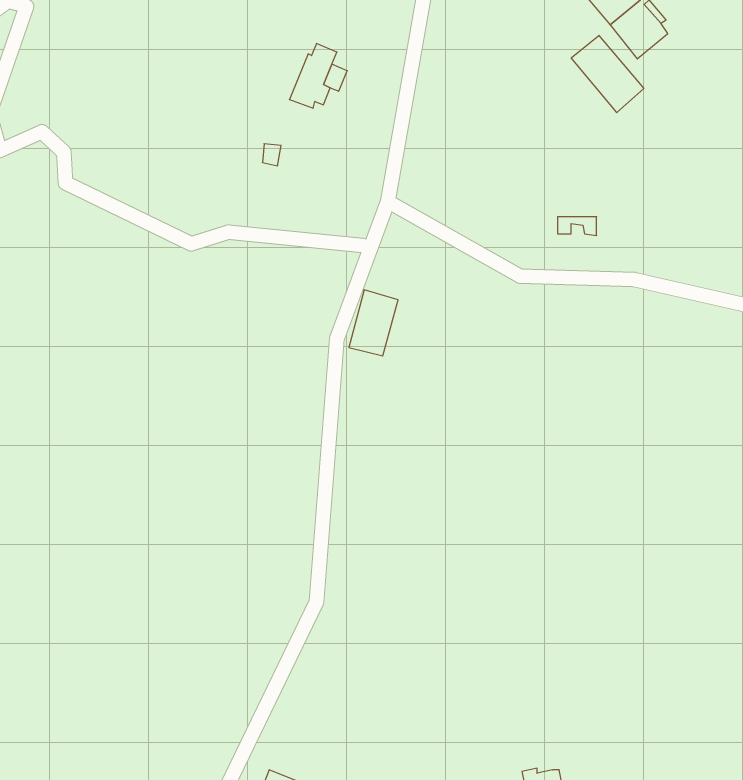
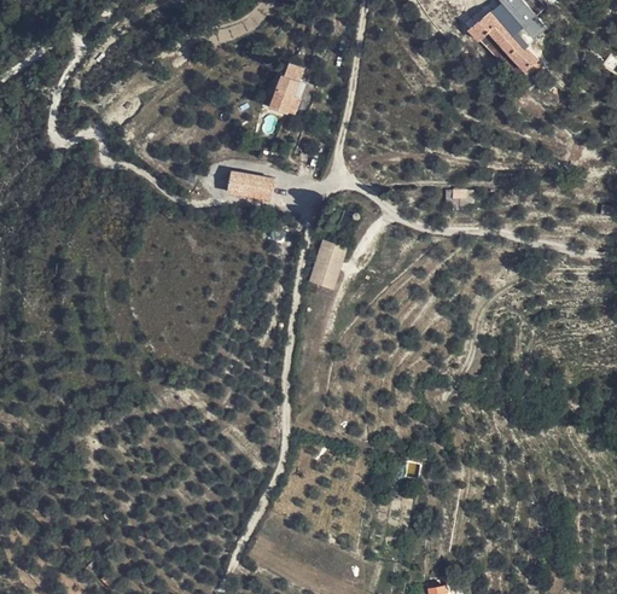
building: [571,35,644,113] -> none
building: none -> [234,173,275,200]

